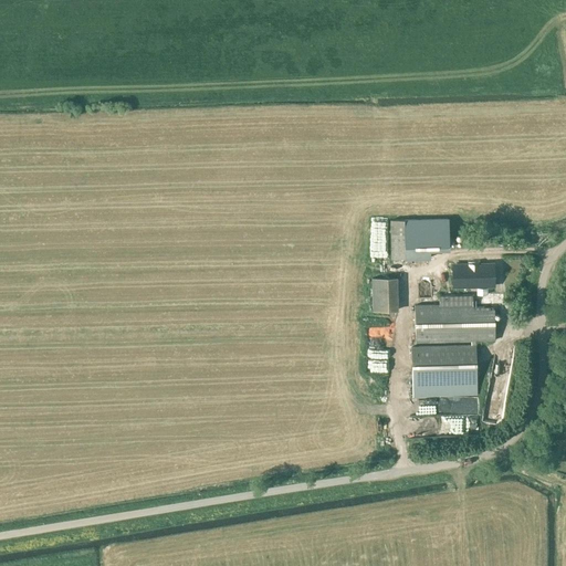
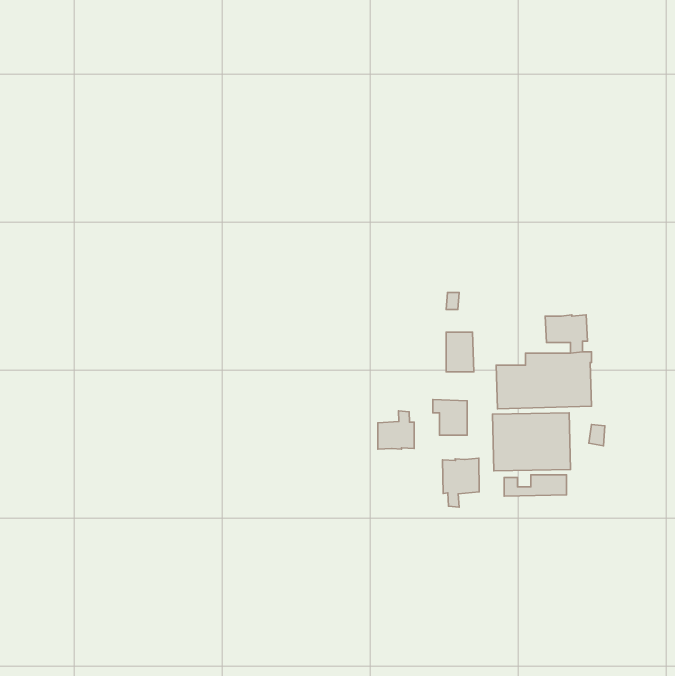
building: [391,219,449,259] -> none
building: none -> [378,411,414,449]
building: none -> [443,458,479,507]

